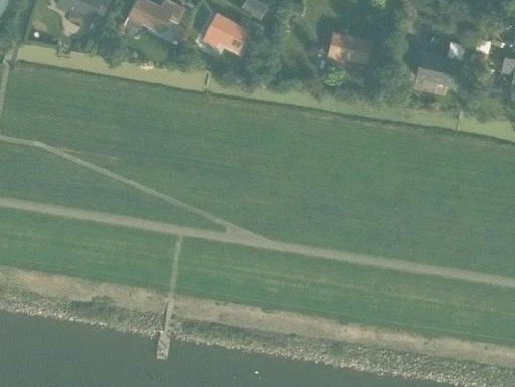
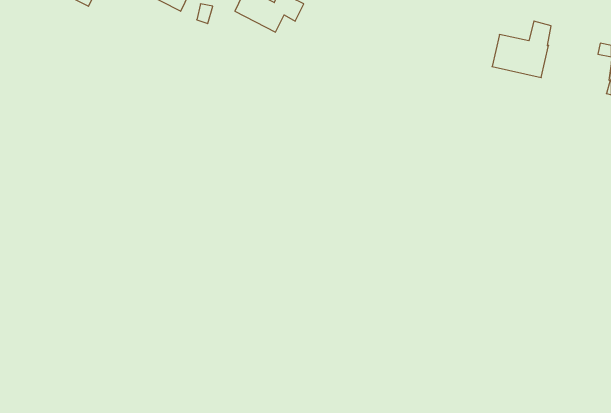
building: [327,34,369,64] -> none

